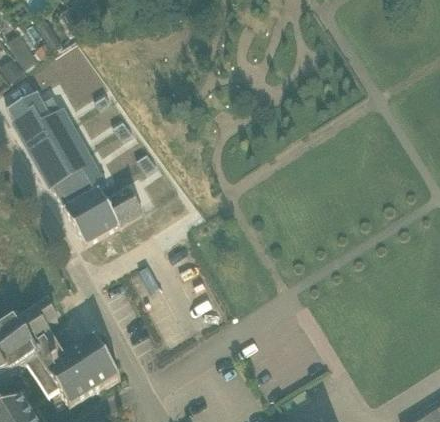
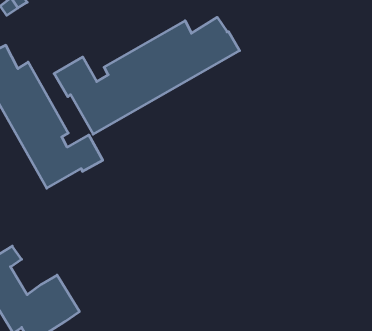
building: none -> [54,17,240,134]

